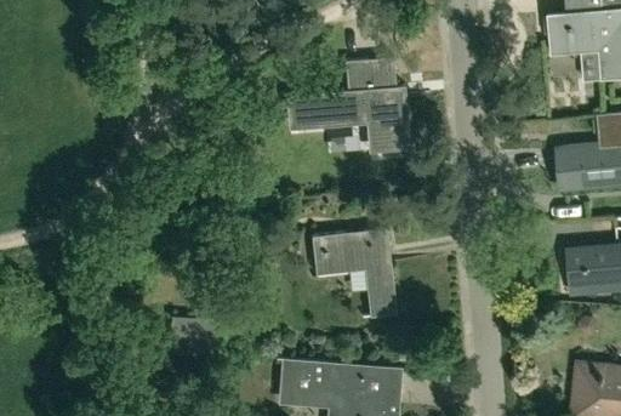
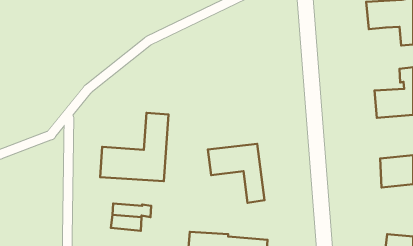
building: [285,58,409,152] -> none
building: none -> [100,113,168,181]

